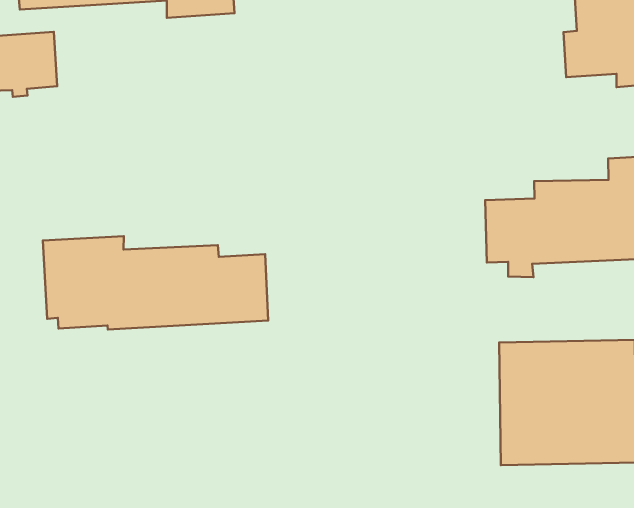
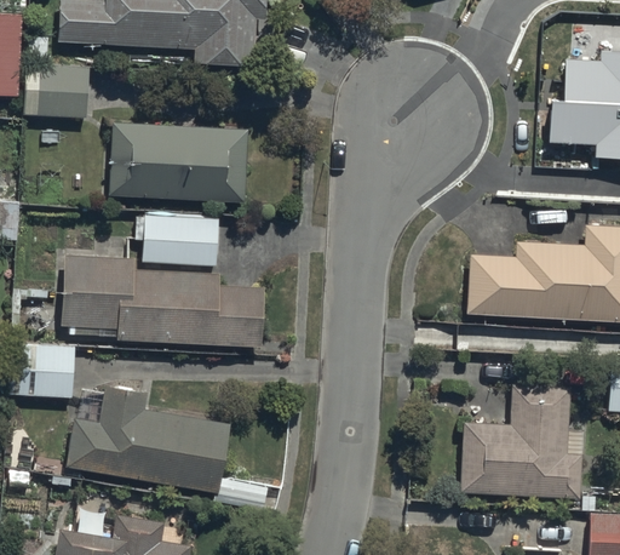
building: none -> [107,122,254,208]
building: none -> [134,212,218,265]
building: none -> [22,345,73,397]
building: none -> [67,396,232,499]

